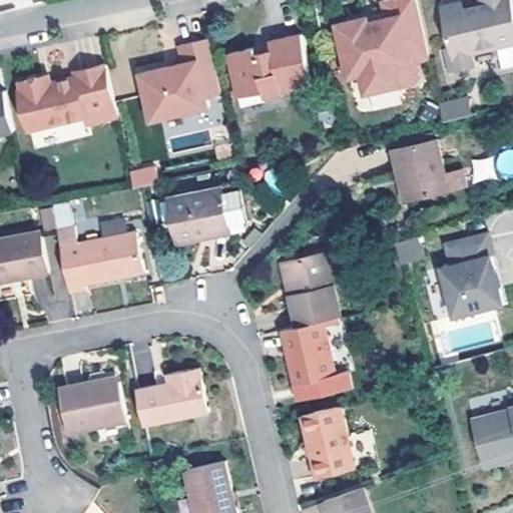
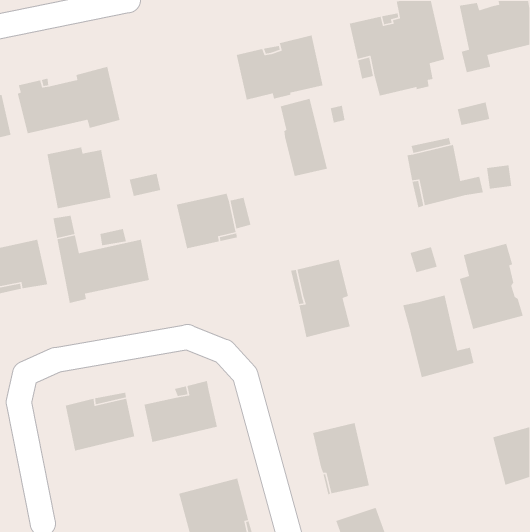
building: [137,42,219,123] -> none
building: none -> [280,98,328,177]
building: none -> [46,146,111,209]
building: [279,320,348,400] -> [402,294,475,378]

